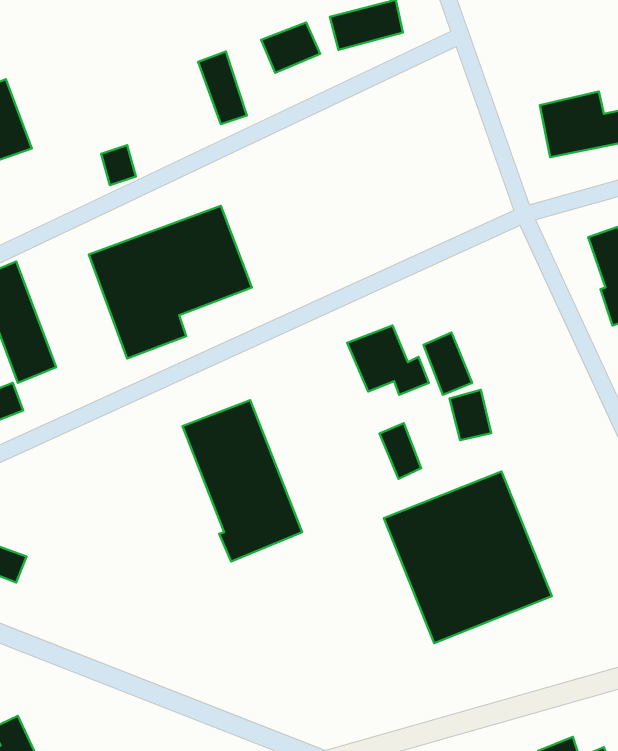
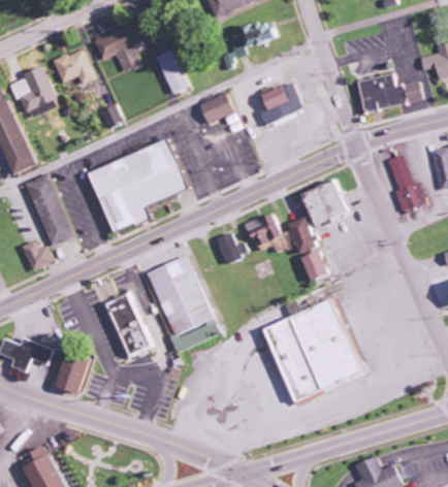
building: none -> [93,25,137,71]
building: [261,23,320,73] -> [198,93,233,123]
building: none -> [50,47,93,84]
building: none -> [257,82,301,125]
building: none -> [305,180,350,225]
building: [379,423,421,479] -> [215,231,239,264]
building: none -> [101,291,151,357]
building: none -> [57,350,89,392]

